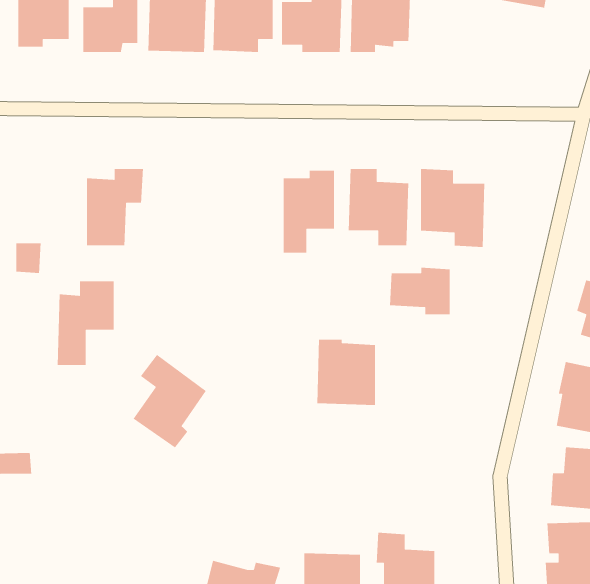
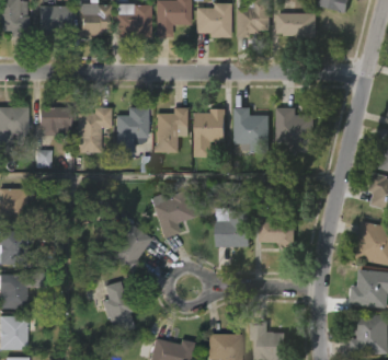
building: none -> [278,13,319,38]
building: none -> [41,106,71,137]
building: none -> [158,109,192,152]
building: [389,267,450,315] -> [259,218,295,246]
building: [57,280,114,366] -> [116,107,150,158]
building: none -> [149,189,195,237]
building: none -> [103,281,137,335]

